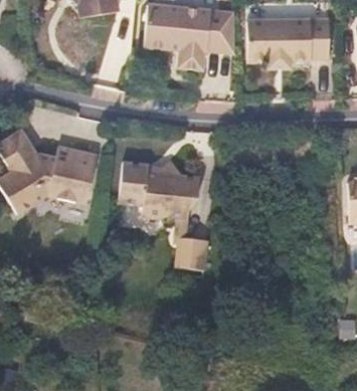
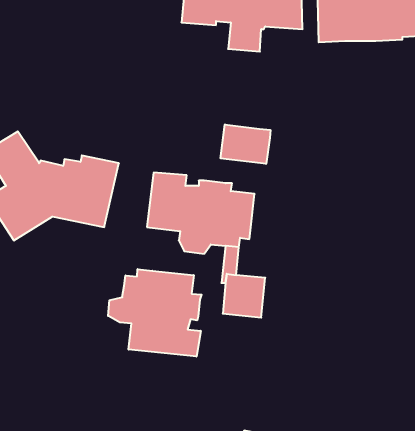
building: none -> [221,124,270,164]
building: none -> [108,269,202,357]

